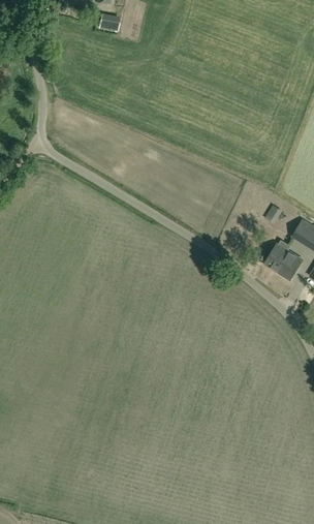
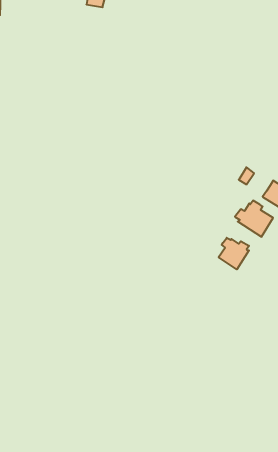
building: none -> [219,238,249,269]

